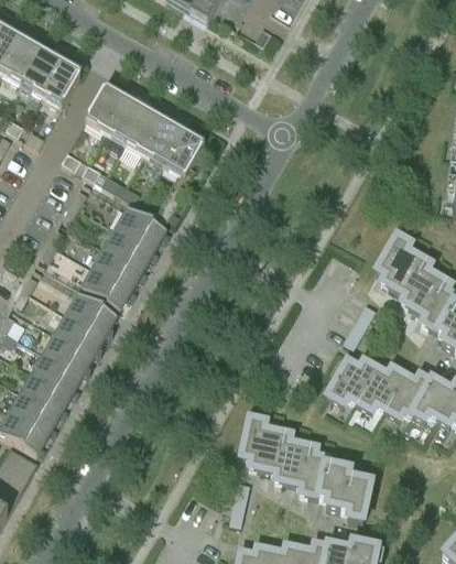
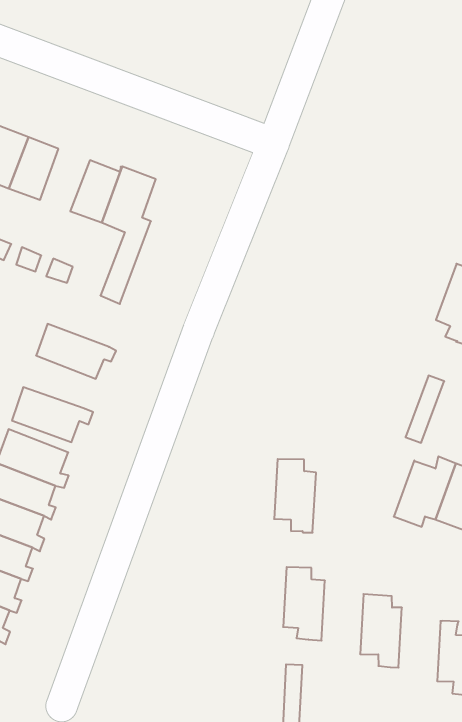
building: [126,110,163,153] -> none
building: [117,206,171,248] -> none
building: [94,246,149,286] -> none
building: [265,427,298,480] -> [274,459,316,533]
building: [314,454,347,507] -> none

